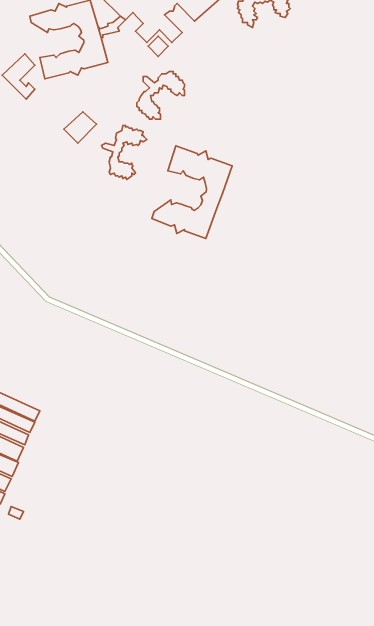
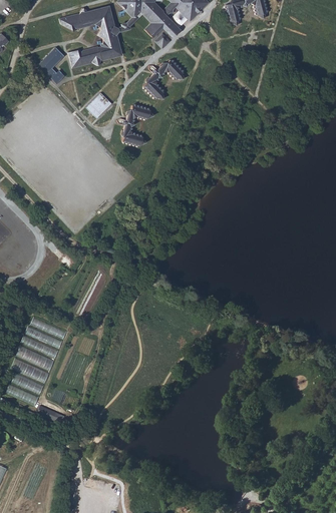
building: [152,146,232,239] -> none

